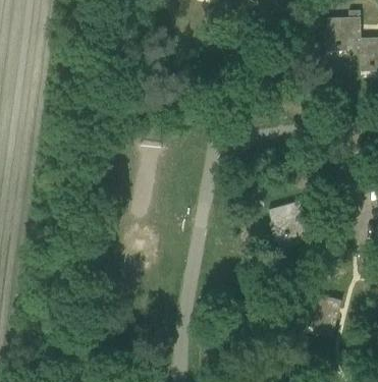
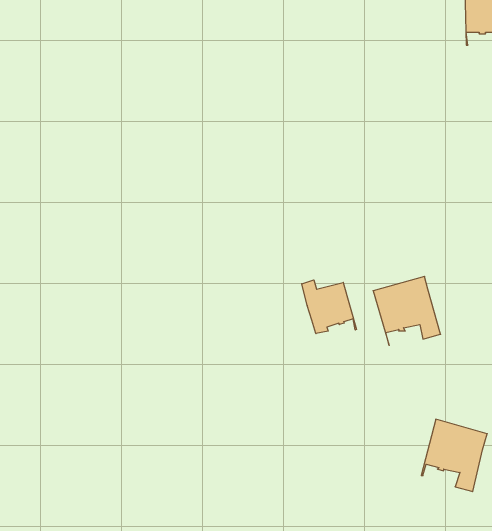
building: none -> [302,280,357,334]

